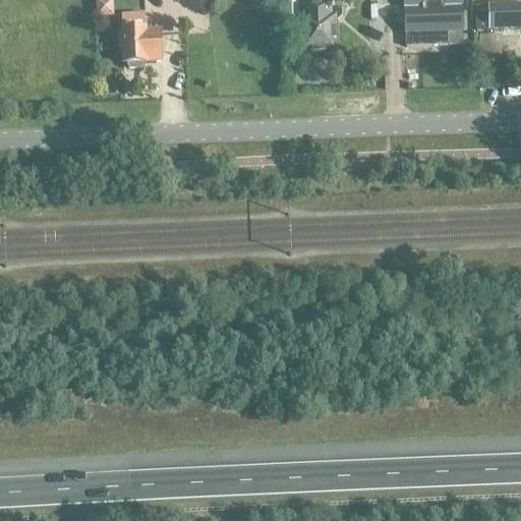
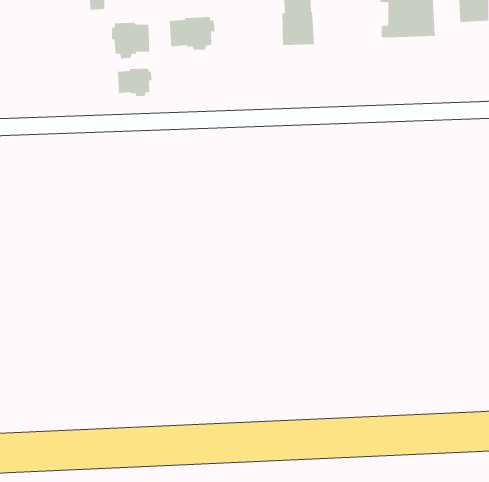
building: none -> [169,16,215,51]
building: none -> [117,68,153,97]

